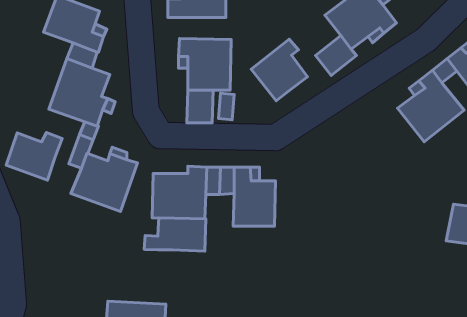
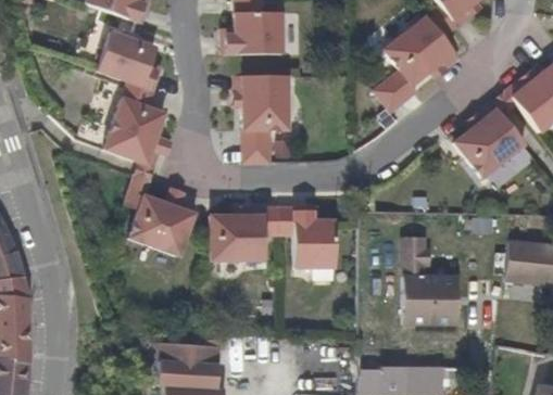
building: [251,39,308,101] -> none
building: [6,133,62,180] -> none
building: none -> [399,237,455,323]
building: [144,218,206,251] -> none

